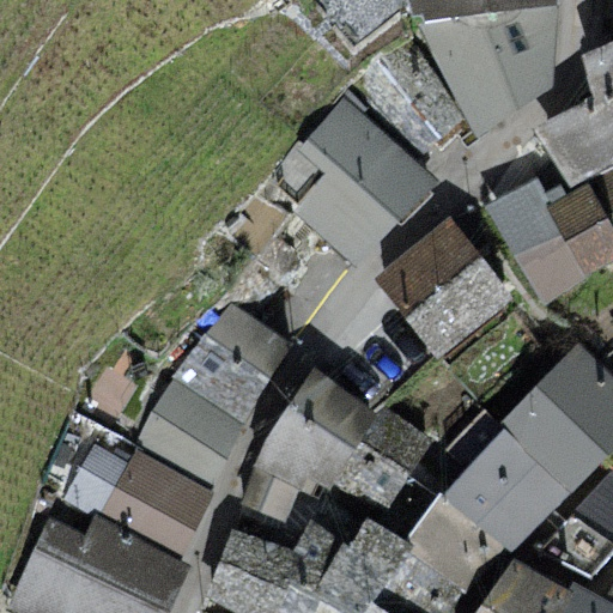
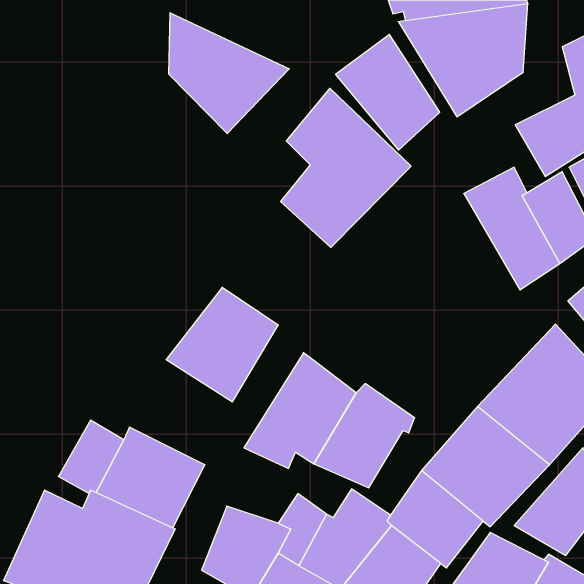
building: none -> [169,13,289,134]
building: [382,227,515,358] -> none
building: [136,377,244,487] -> none

